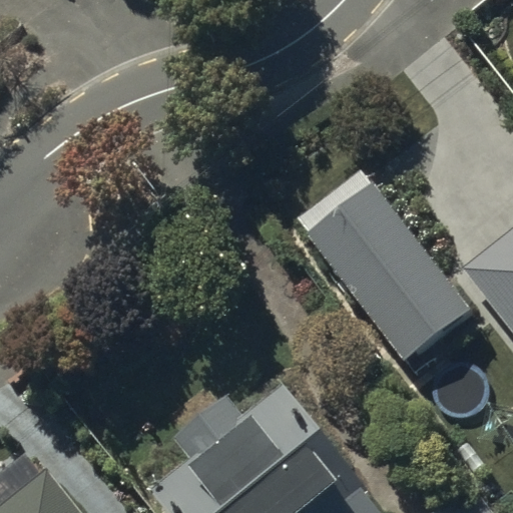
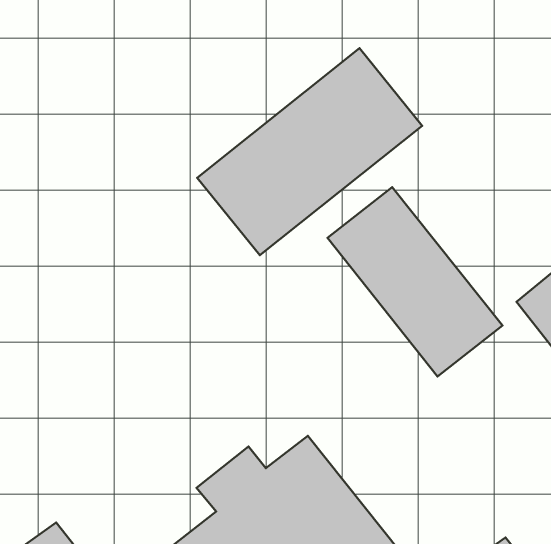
building: none -> [197,48,422,255]

